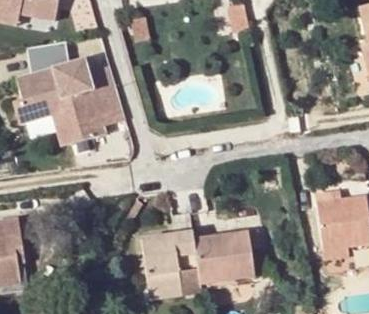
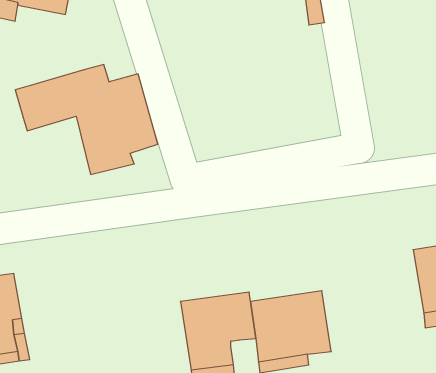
building: [26,42,68,74] -> none
building: [12,98,73,146] -> none

